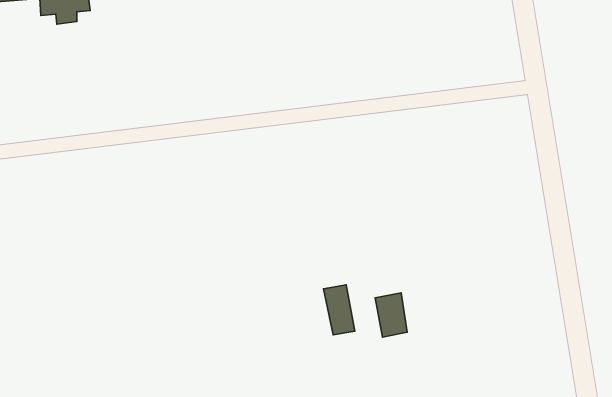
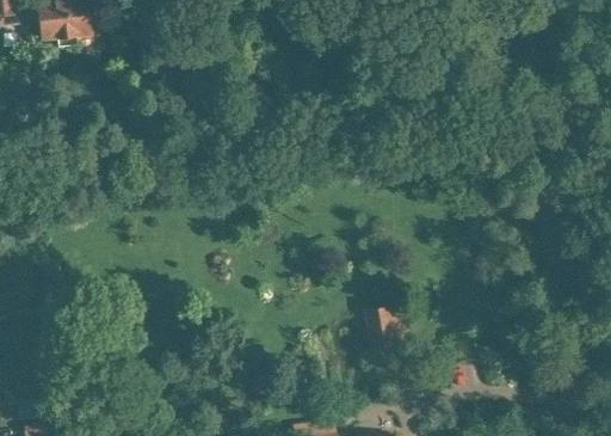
building: [323,285,355,335] -> none

